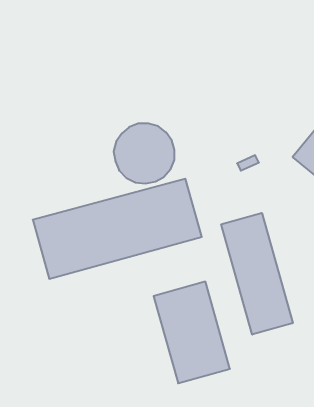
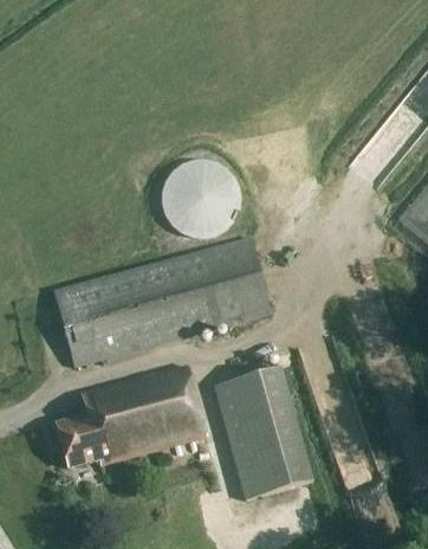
building: [221,213,293,335] -> none
building: none -> [57,361,206,464]

